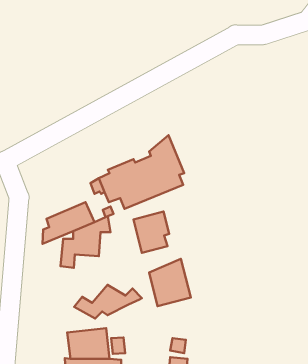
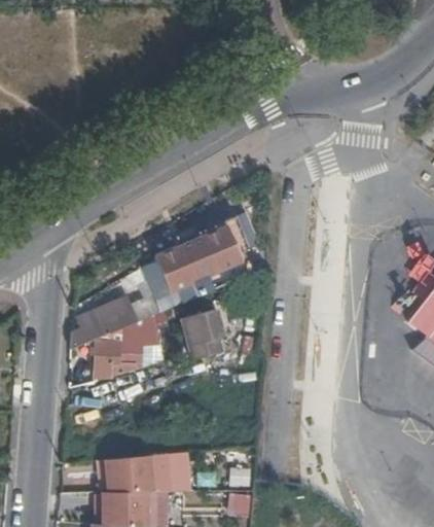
building: [149,259,191,306] -> none
building: [74,285,142,319] -> none

